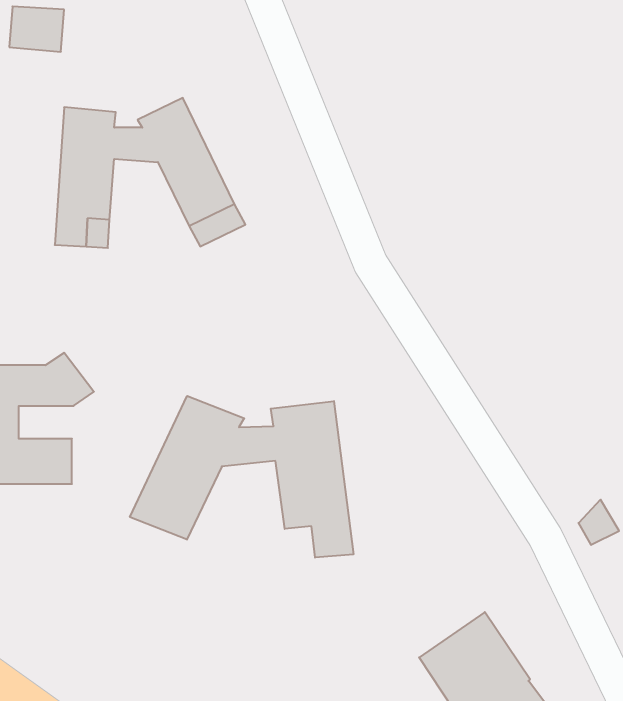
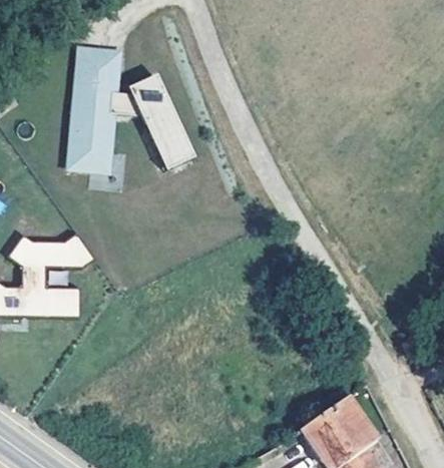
building: [9,6,64,52] -> [76,49,111,78]
building: [130,396,353,558] -> none

